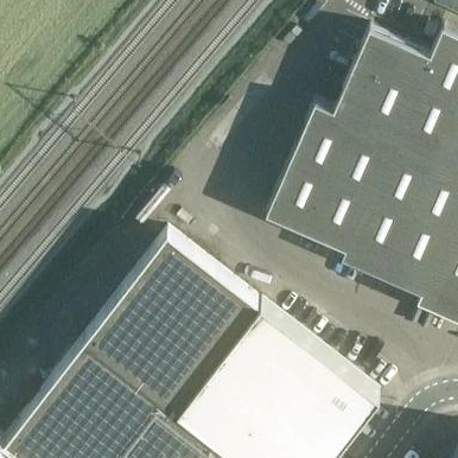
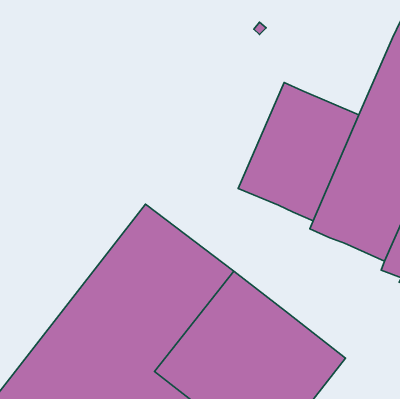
building: [335,32,431,140] -> none

